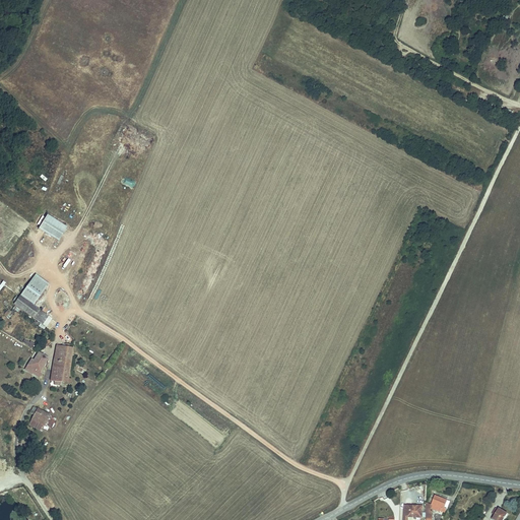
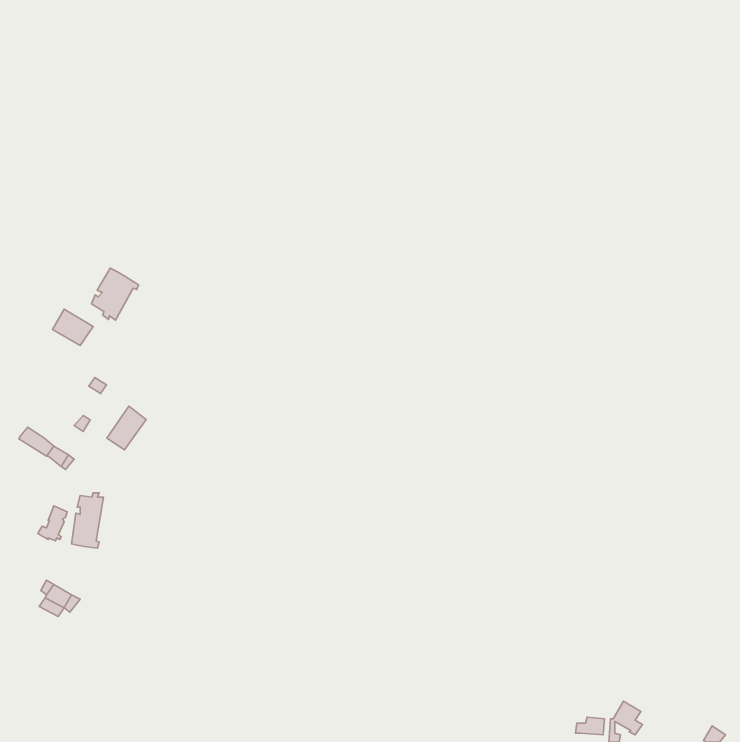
building: none -> [91,268,139,320]
building: [19,275,47,306] -> [107,406,146,450]

